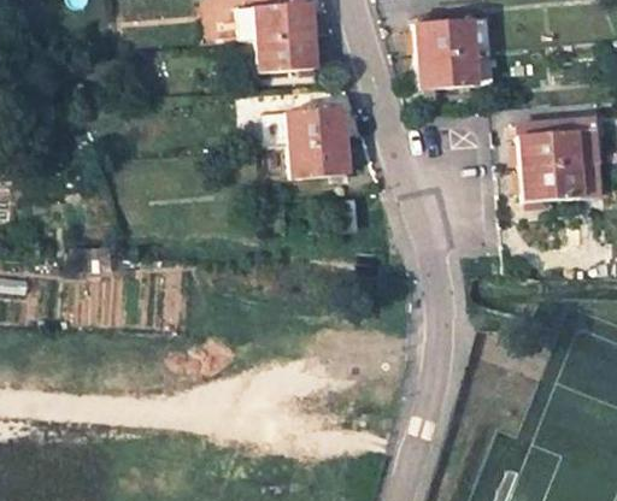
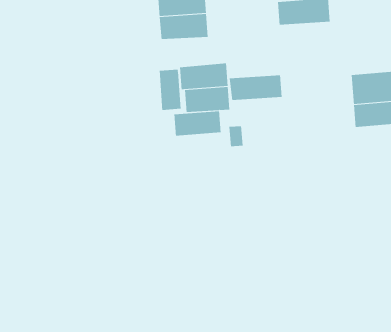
building: [418,48,495,86] -> [229,75,283,101]
building: none -> [159,69,181,111]
building: none -> [174,110,221,136]

